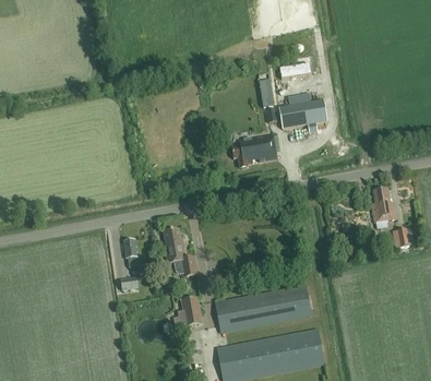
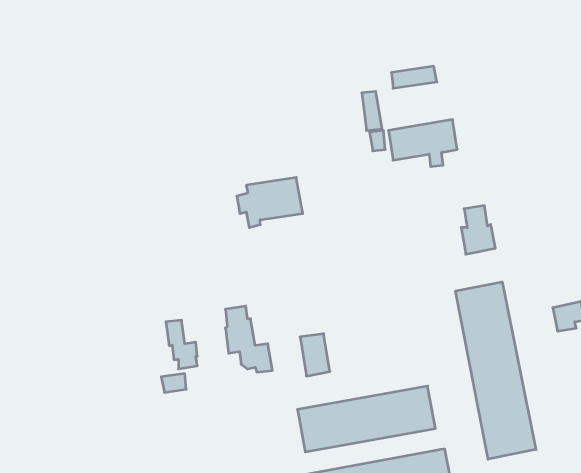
building: [231,134,277,169] -> [237,177,303,228]
building: [371,189,395,223] -> [461,206,495,254]
building: none -> [456,282,536,459]
building: [182,297,203,326] -> [300,334,330,376]

